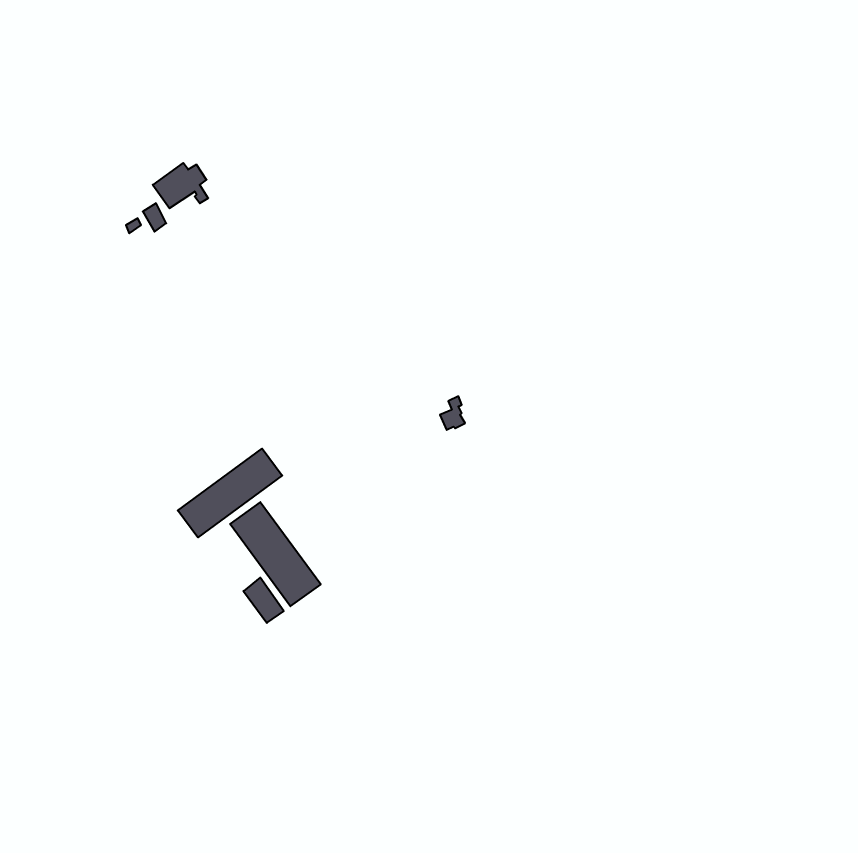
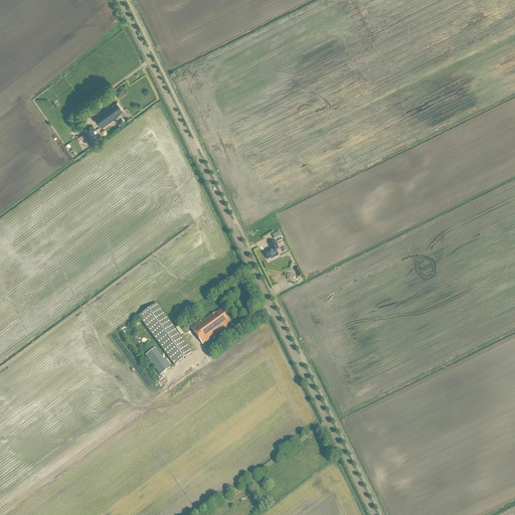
building: [178,449,282,537] -> none
building: none -> [190,308,230,342]

